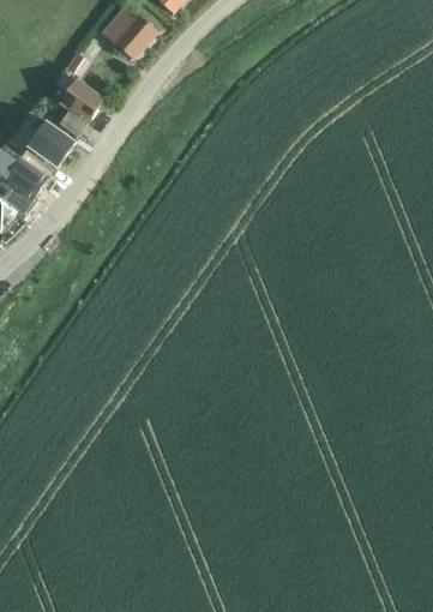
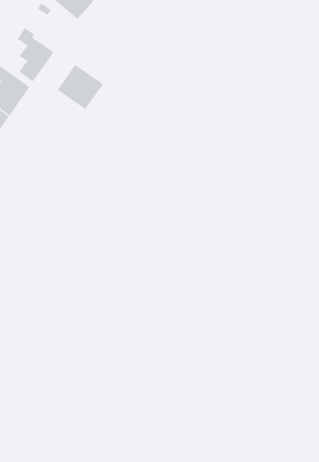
building: none -> [57,64,104,110]

